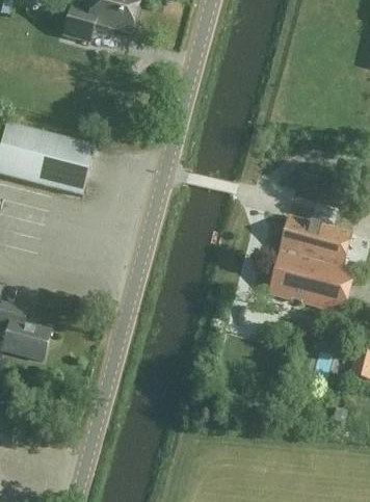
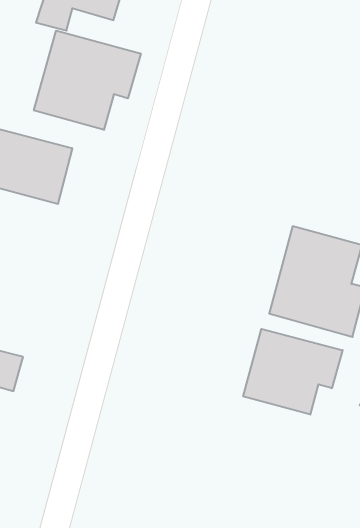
building: none -> [34,31,141,130]
building: none -> [243,329,343,415]

